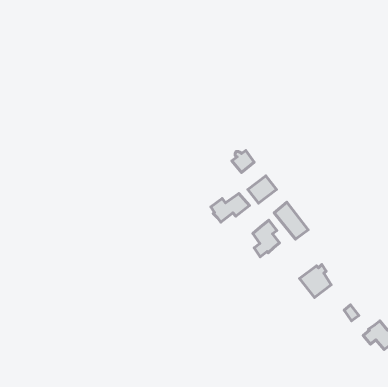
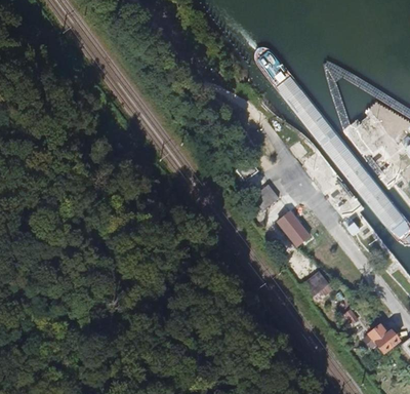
building: [211,194,249,222] -> none
building: [253,220,280,257] -> none

